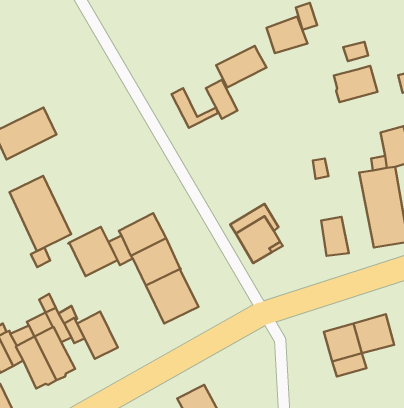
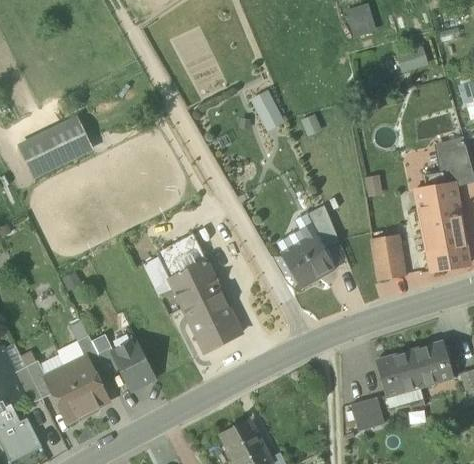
building: [266,17,307,53] -> none
building: [216,46,267,88] -> none
building: [334,66,377,102] -> none
building: [172,88,218,128] -> none
building: [10,176,71,251] -> none
building: none -> [307,204,340,249]
building: [68,227,117,276] -> none
building: none -> [354,397,385,429]

